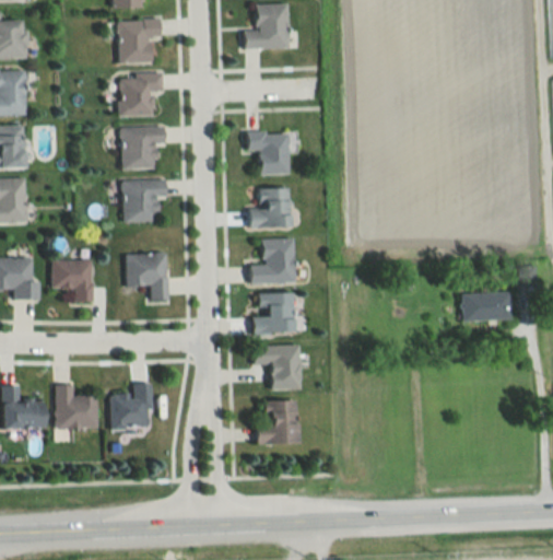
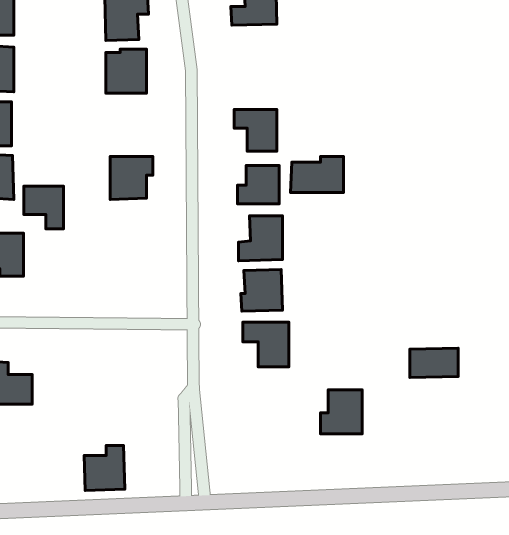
building: [120,126,164,168] -> none
building: none -> [291,156,344,193]
building: [126,253,168,302] -> none
building: [52,259,92,302] -> [24,186,63,229]
building: [462,291,510,320] -> [410,348,458,378]
building: [55,384,96,428] -> none
building: [110,384,151,429] -> [84,445,125,490]
building: [256,400,297,444] -> [321,390,362,434]

